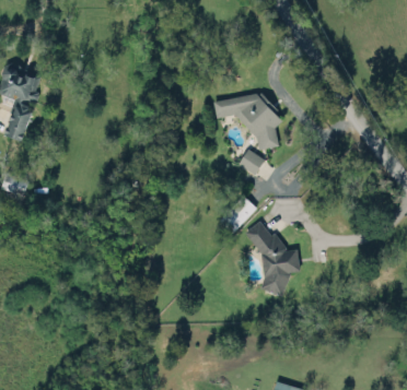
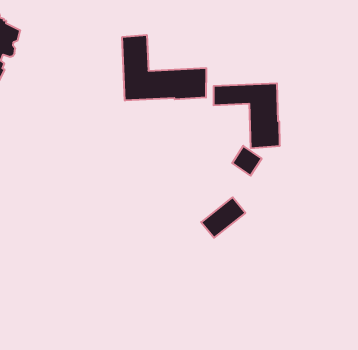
building: none -> [122,35,206,101]
building: [255,225,301,294] -> none

